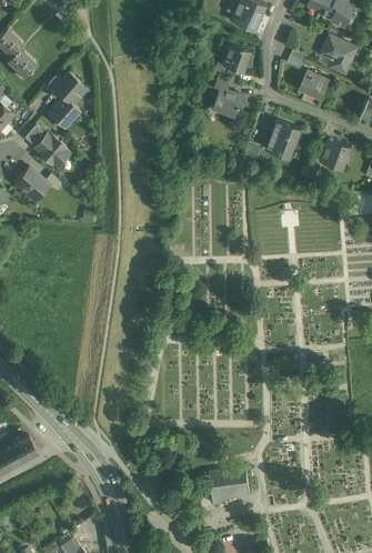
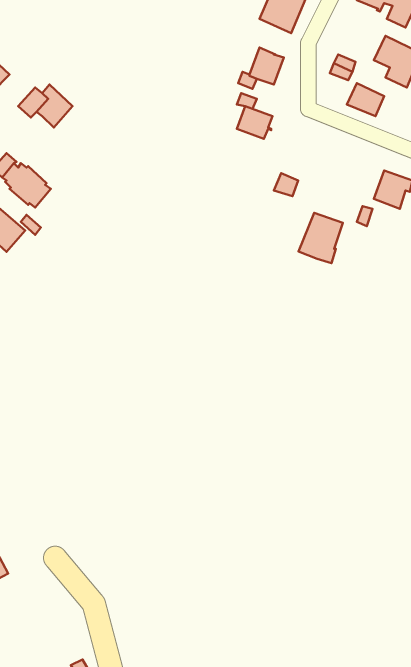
building: [47,97,79,128] -> none
building: [264,120,299,159] -> [299,213,343,263]
building: [208,470,249,504] -> none

